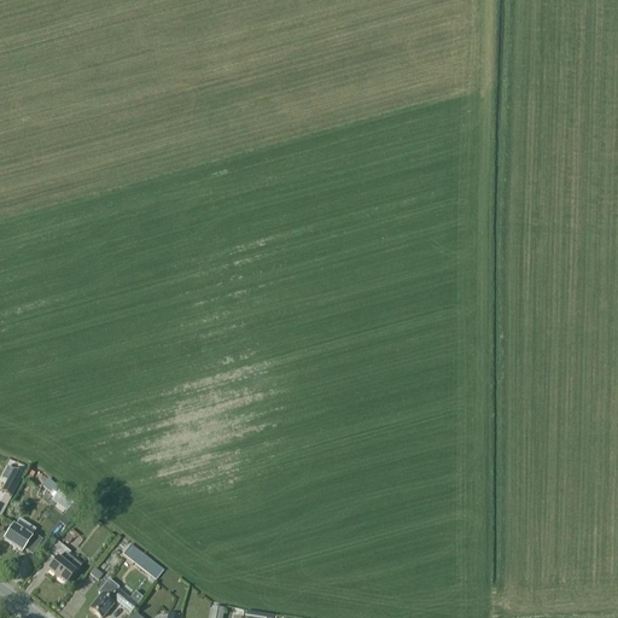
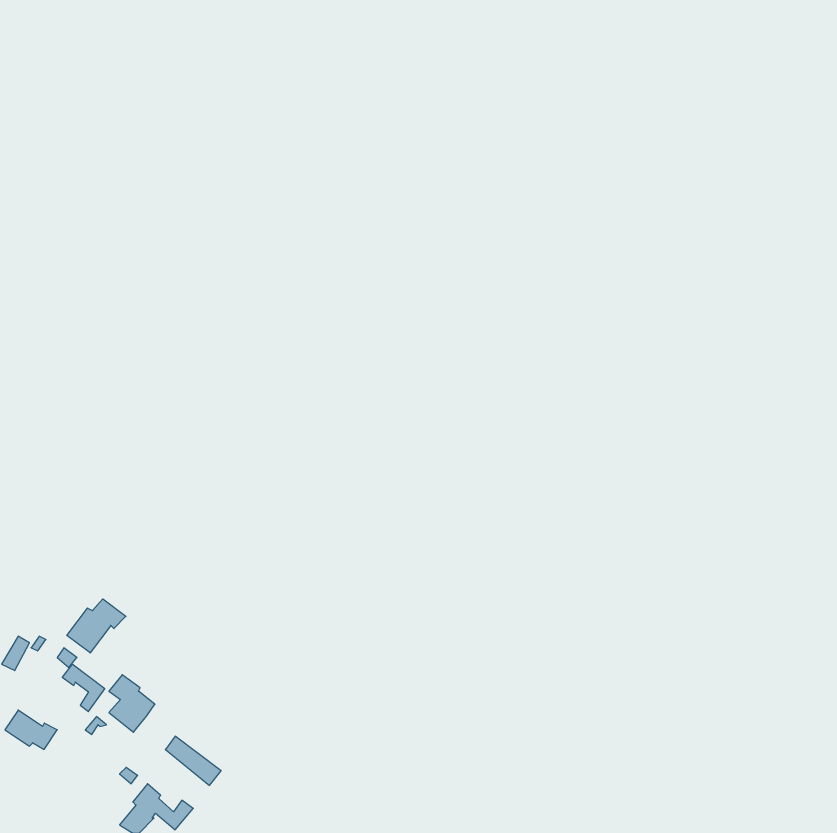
building: none -> [67,599,126,653]
building: [47,540,81,582] -> [109,675,155,732]

